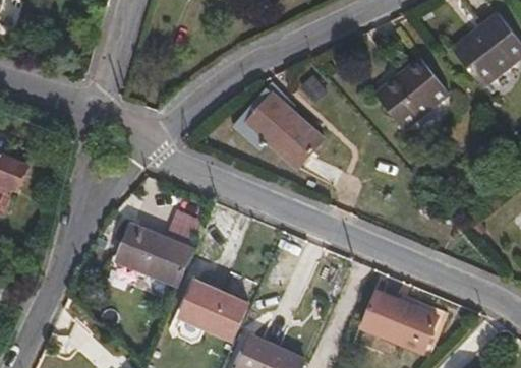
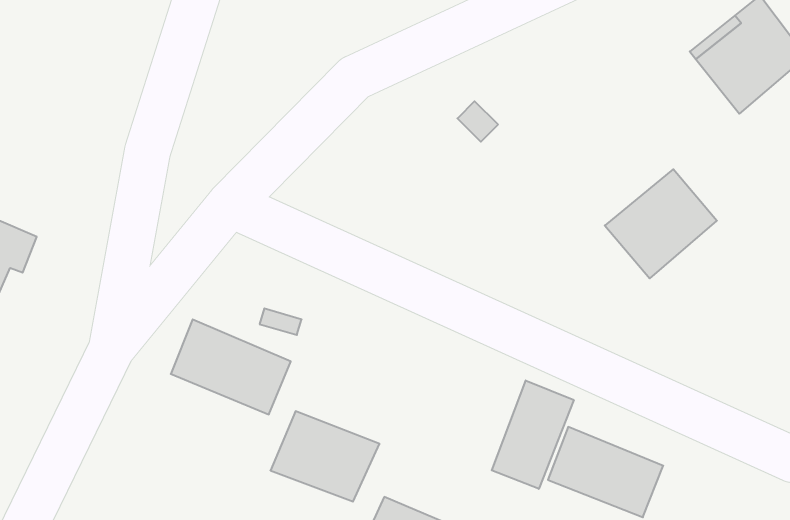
building: [373,56,447,127] -> [605,169,717,278]
building: [236,105,309,166] -> none
building: none -> [492,380,574,489]

